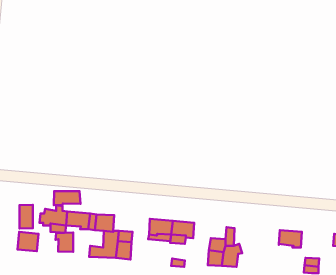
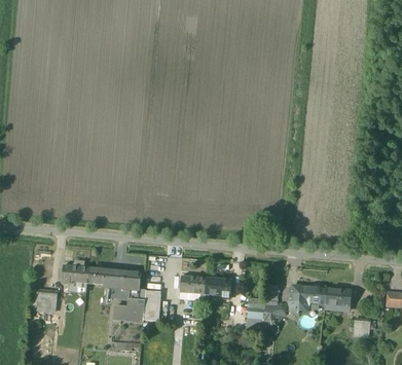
building: [54,191,80,205] -> none
building: [20,205,33,228] -> none
building: none -> [289,285,326,312]
building: [55,233,73,252] -> none

